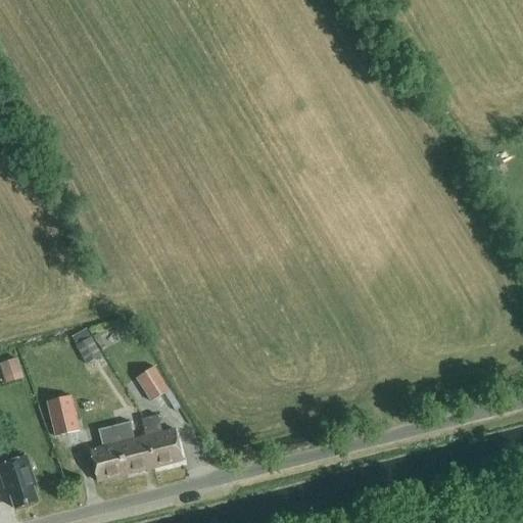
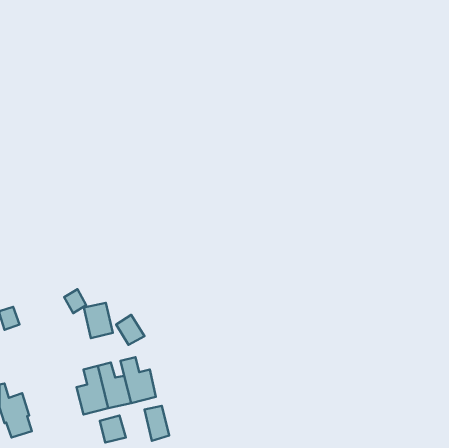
building: [45,394,79,435] -> [84,303,113,338]
building: none -> [145,406,169,441]
building: none -> [100,415,126,443]

